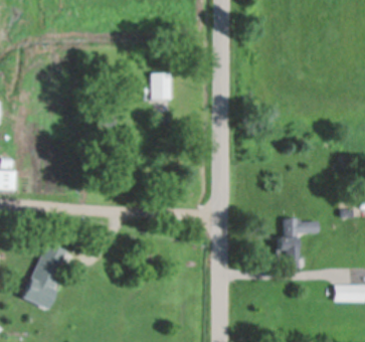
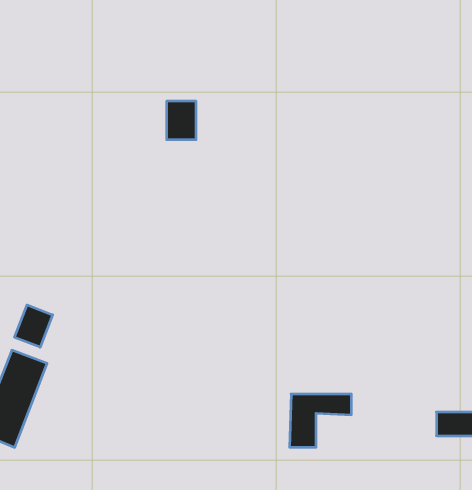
building: none -> [15,305,53,347]
building: [278,219,320,255] -> [290,394,351,447]

